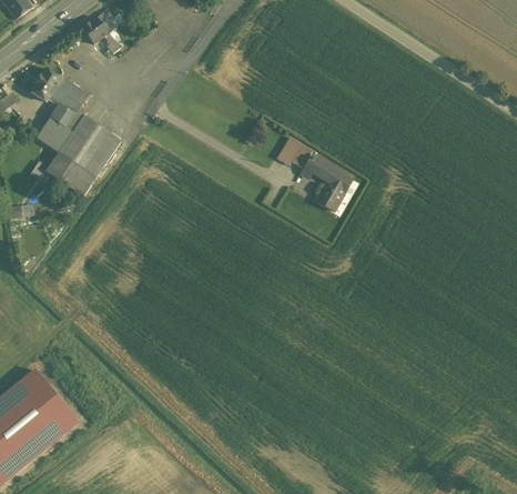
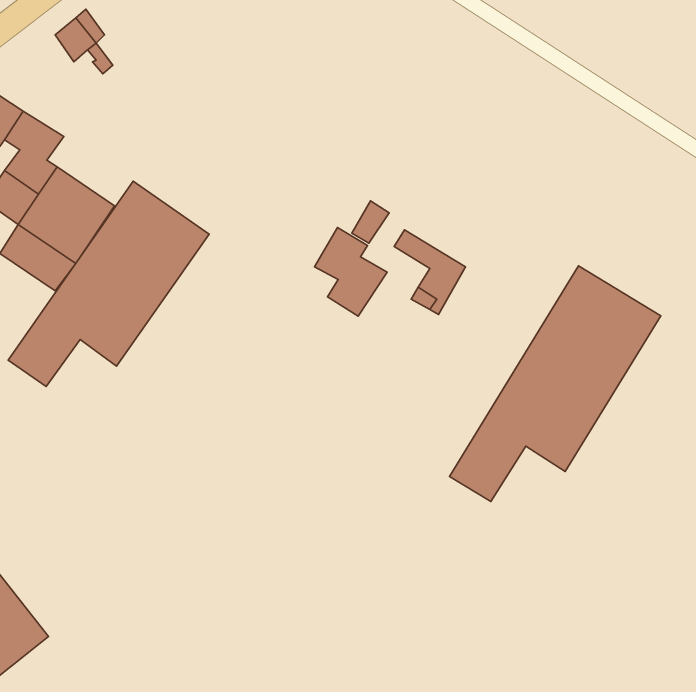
building: none -> [8,181,209,386]
building: none -> [315,228,387,316]
building: none -> [450,266,661,501]

